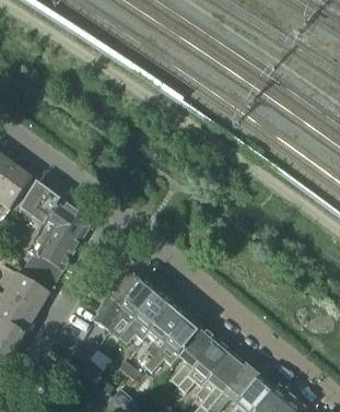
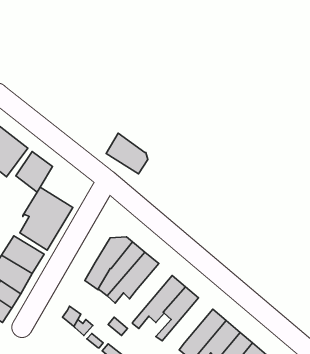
building: [45,198,90,242] -> [106,133,148,174]
building: [137,302,187,365] -> none
building: [176,339,231,392] -> none

